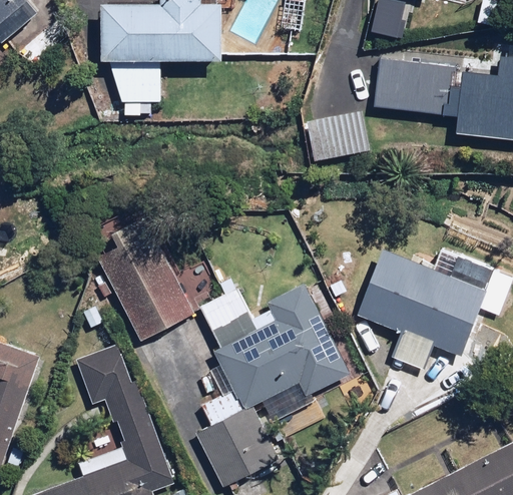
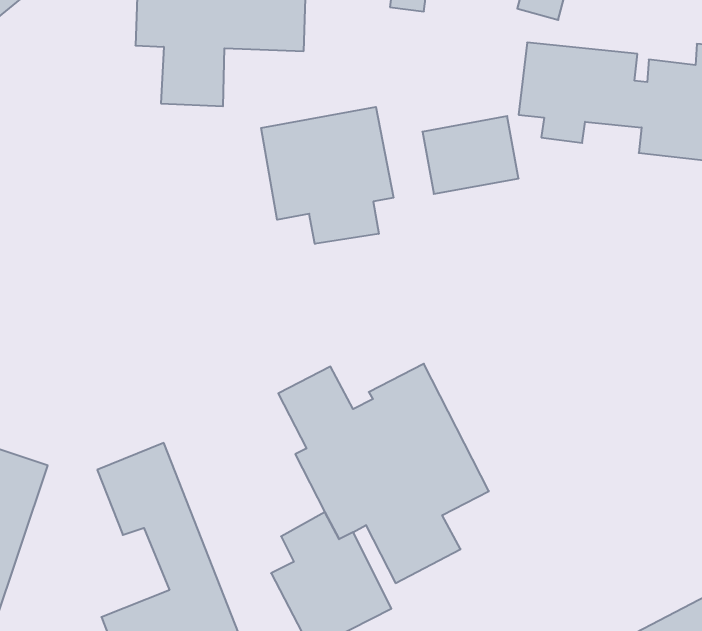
building: none -> [261,107,393,244]
building: [88,212,192,339] -> none
building: [360,252,485,372] -> none

